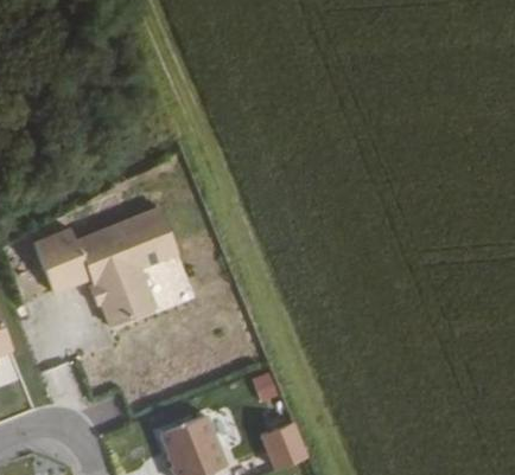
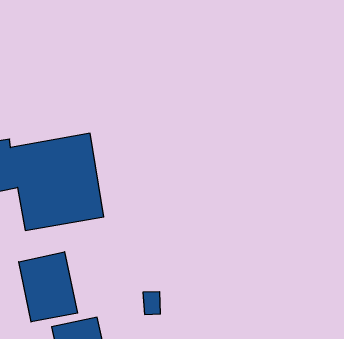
building: none -> [19,252,78,322]

